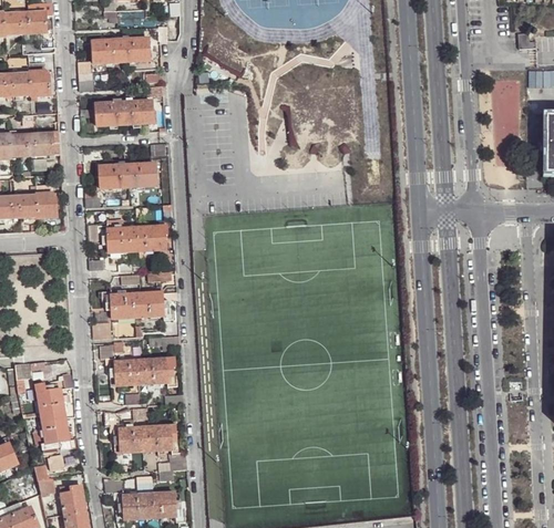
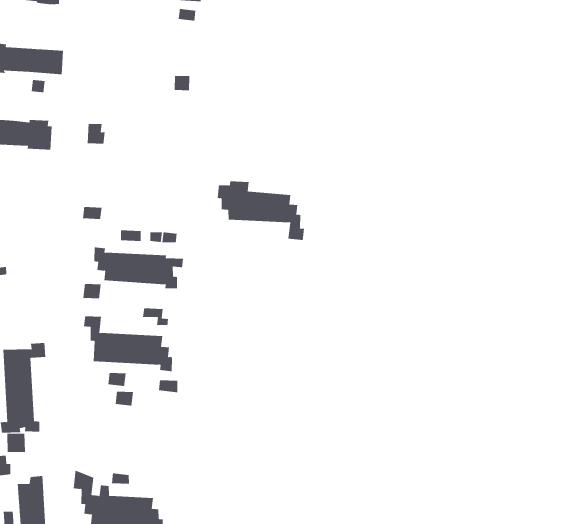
building: [95,100,153,124] -> none
building: [99,162,156,187] -> none
building: [98,219,173,262] -> [217,181,305,241]
building: [110,424,186,479] -> none

